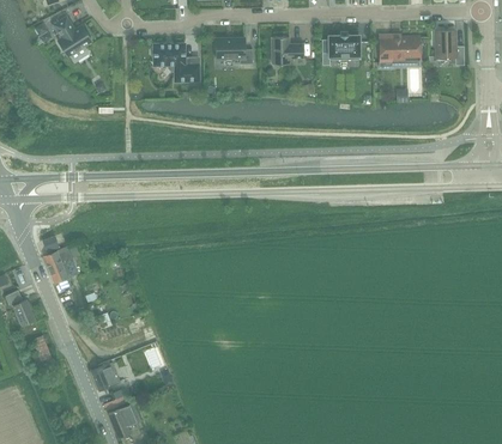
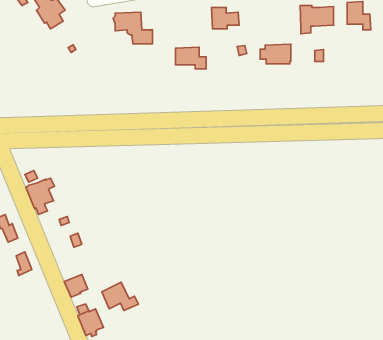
building: [322,35,359,59] -> [260,44,291,64]
building: [216,37,253,63] -> [176,47,206,69]
building: none -> [102,282,138,310]

